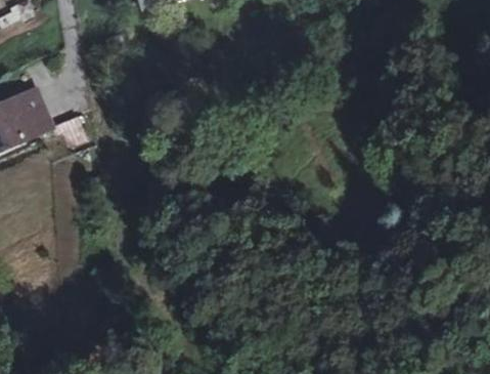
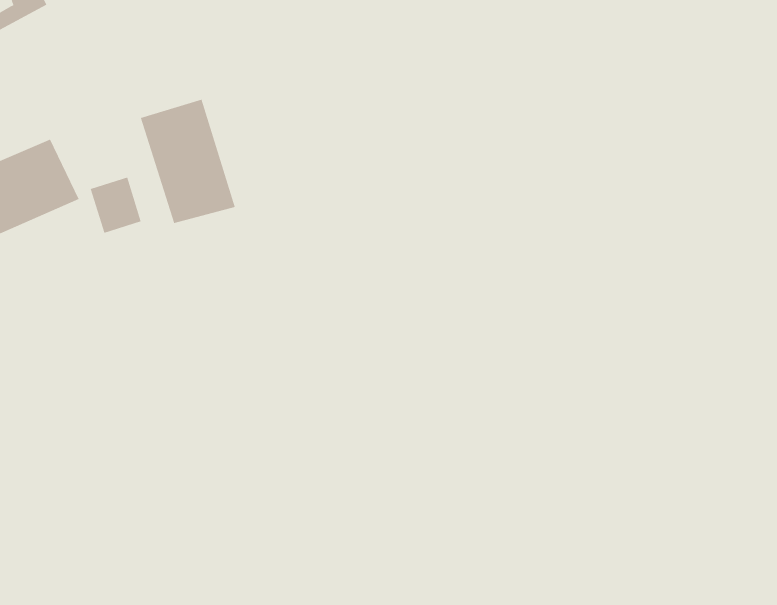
building: none -> [140,99,235,224]

